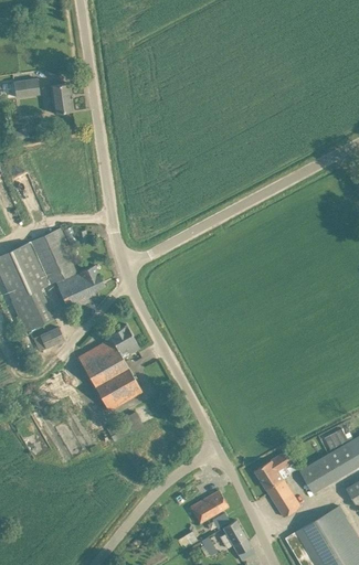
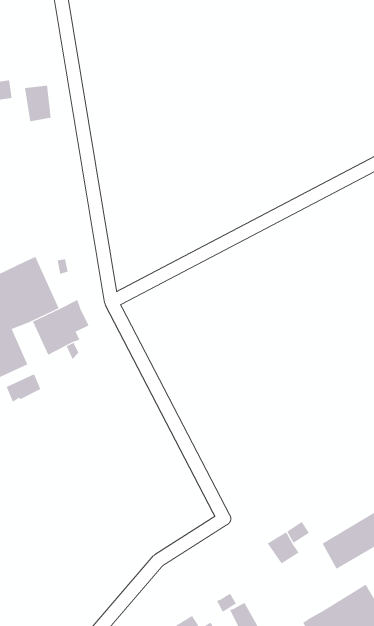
building: [80,326,141,412] -> none
building: [266,478,302,518] -> none
building: [190,491,229,523] -> none

